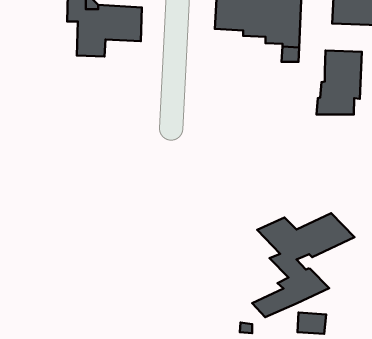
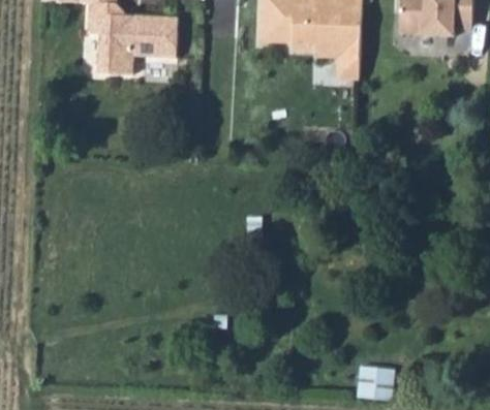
building: [317,51,362,115] -> none
building: [252,213,354,317] -> none

